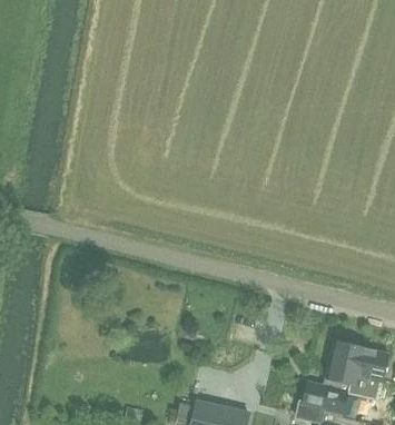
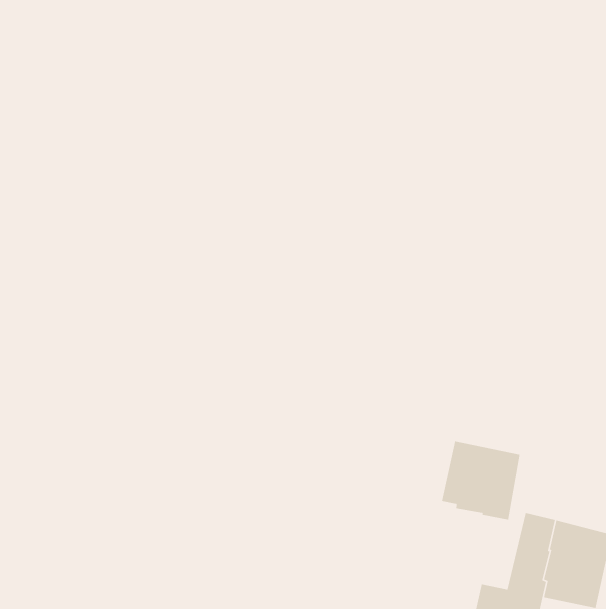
building: none -> [441,440,521,520]

